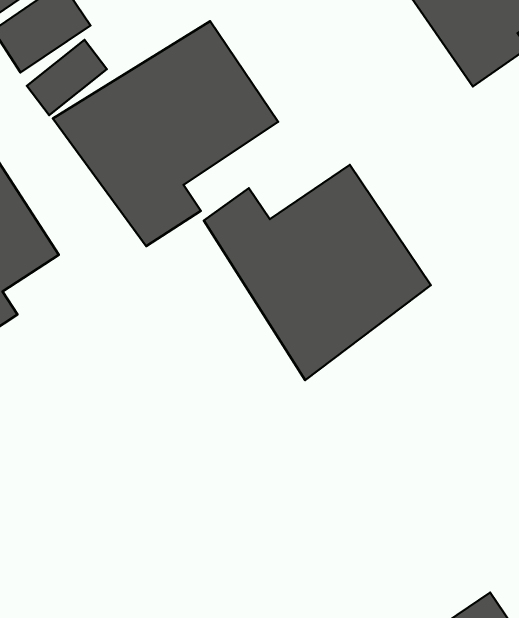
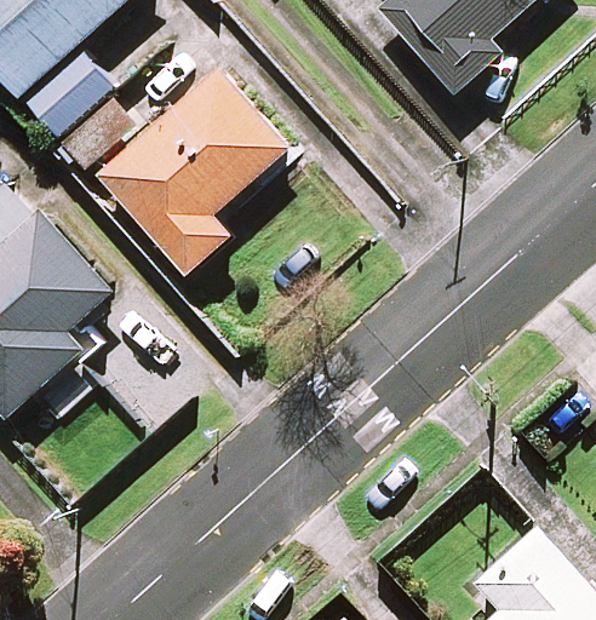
building: [204,165,431,380] -> none

